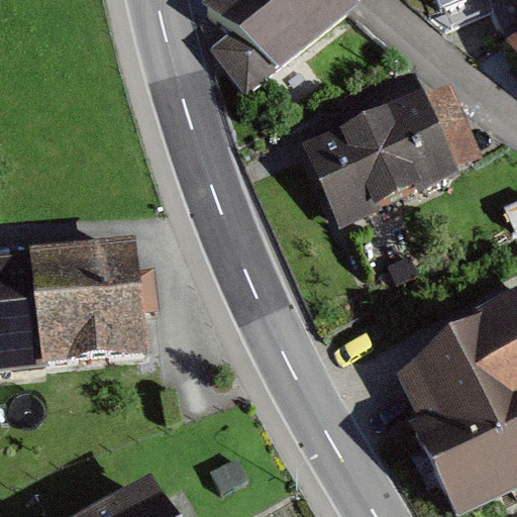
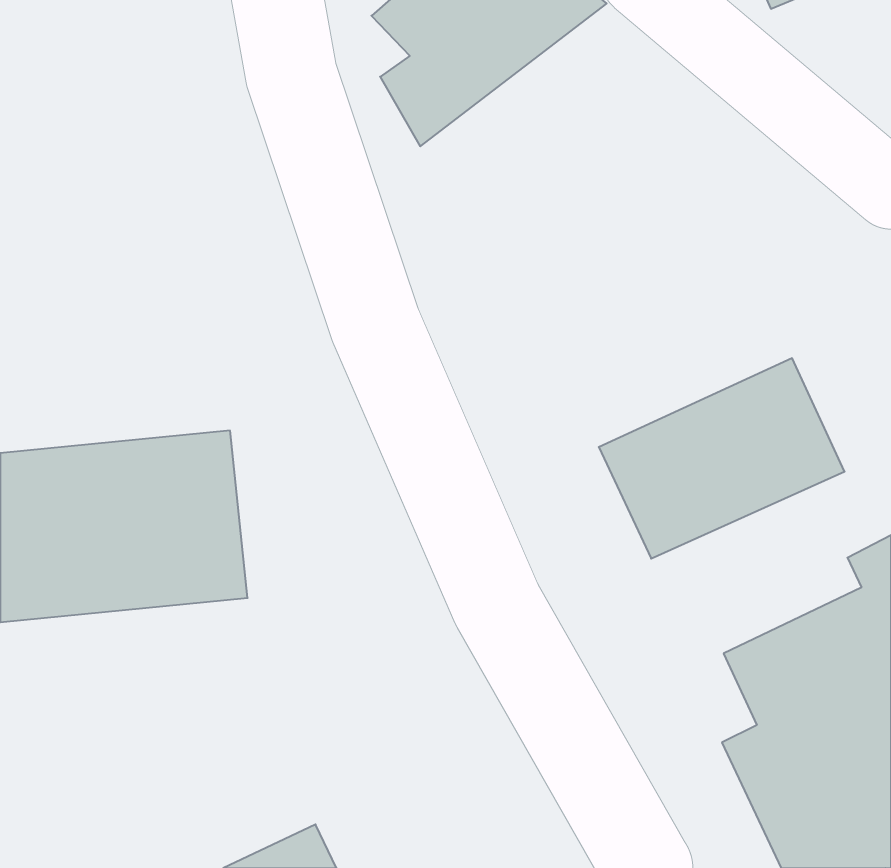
building: [311,97,453,213] -> [599,358,845,559]

